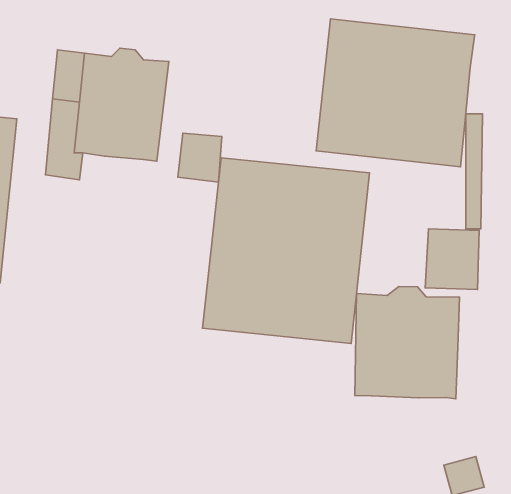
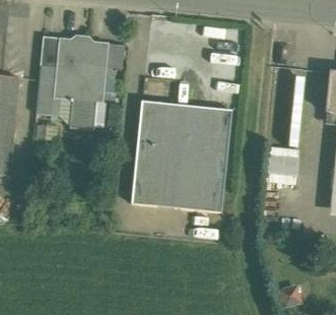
building: [316,19,475,167] -> none
building: [178,133,222,182] -> [69,100,95,129]
building: [355,286,459,399] -> none

